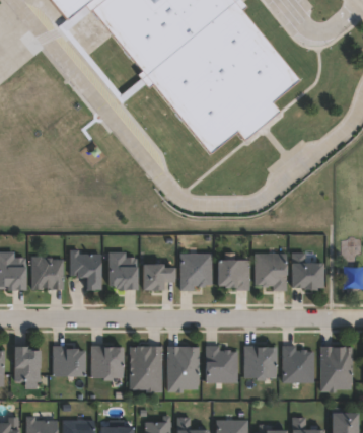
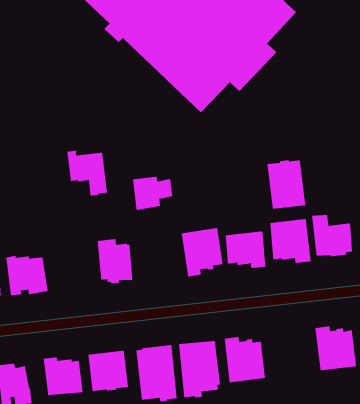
building: none -> [267,159,306,210]
building: [70,249,100,289] -> [67,150,108,196]
building: [142,263,174,289] -> [132,176,173,210]
building: [244,345,276,377] -> none

